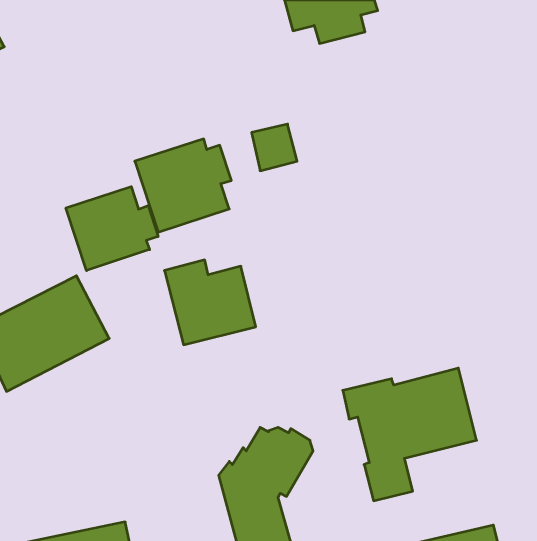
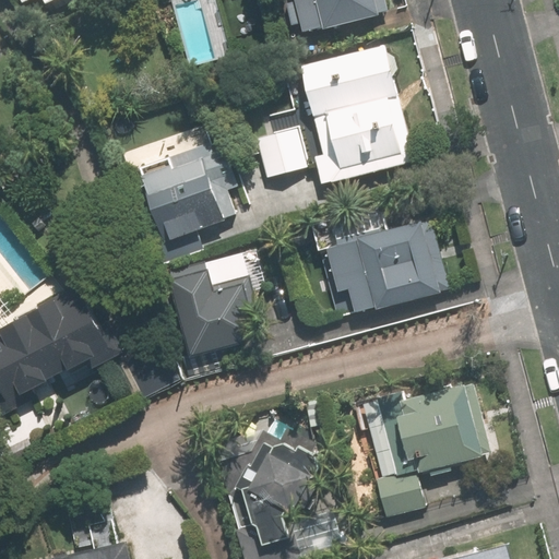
building: none -> [301,45,413,183]
building: [66,187,158,271] -> none
building: none -> [317,206,450,319]

